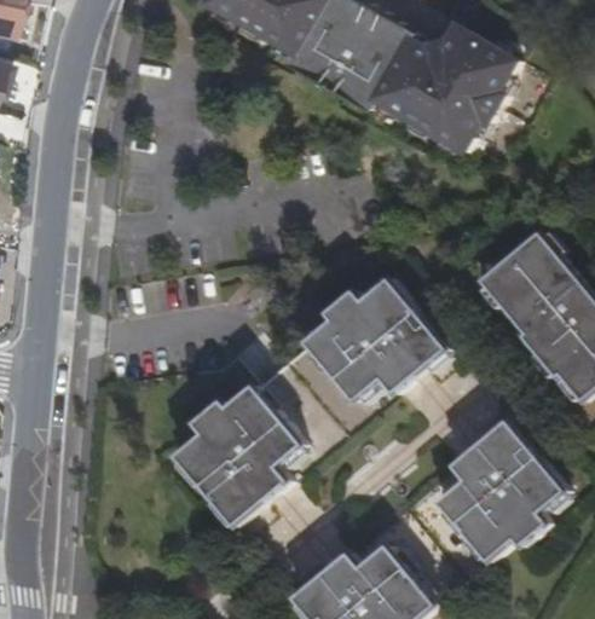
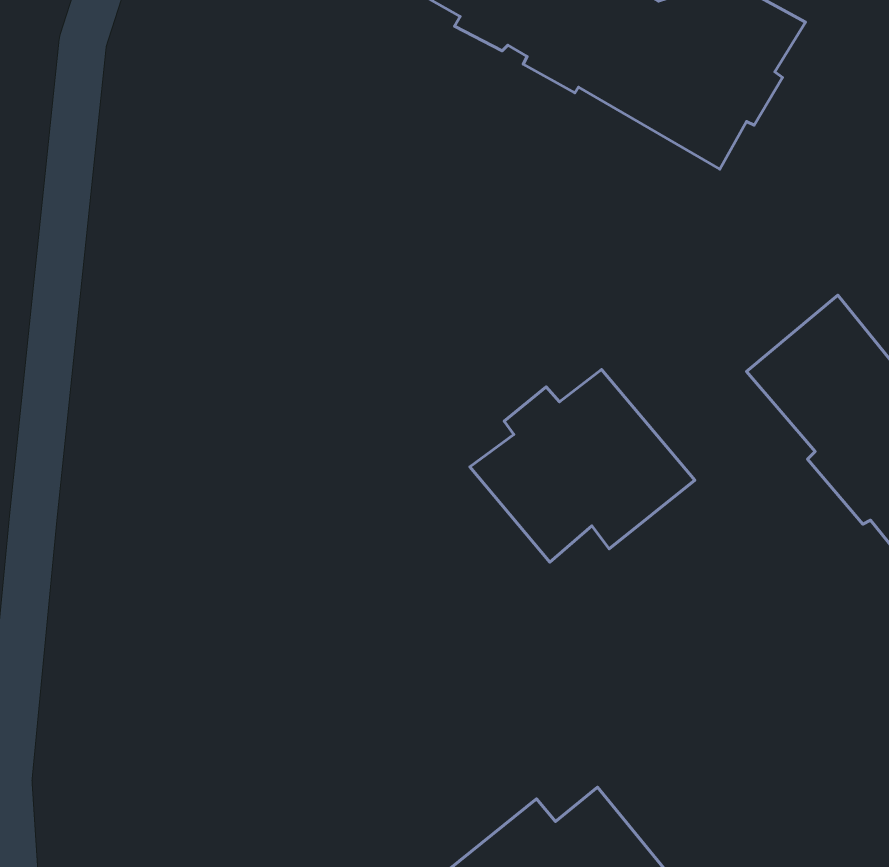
building: [175,386,300,525] -> none
building: [437,421,564,561] -> none

